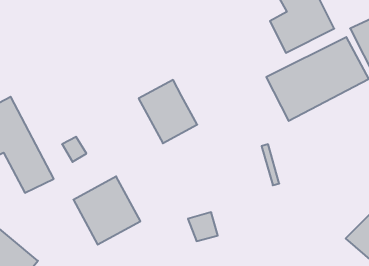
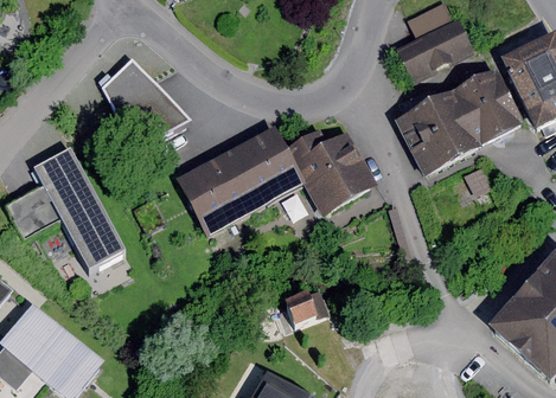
building: none -> [102,57,191,150]
building: none -> [286,127,378,216]
building: [73,176,140,245] -> [177,149,262,236]

